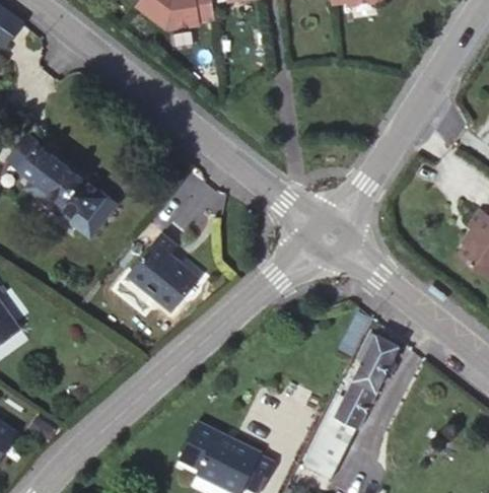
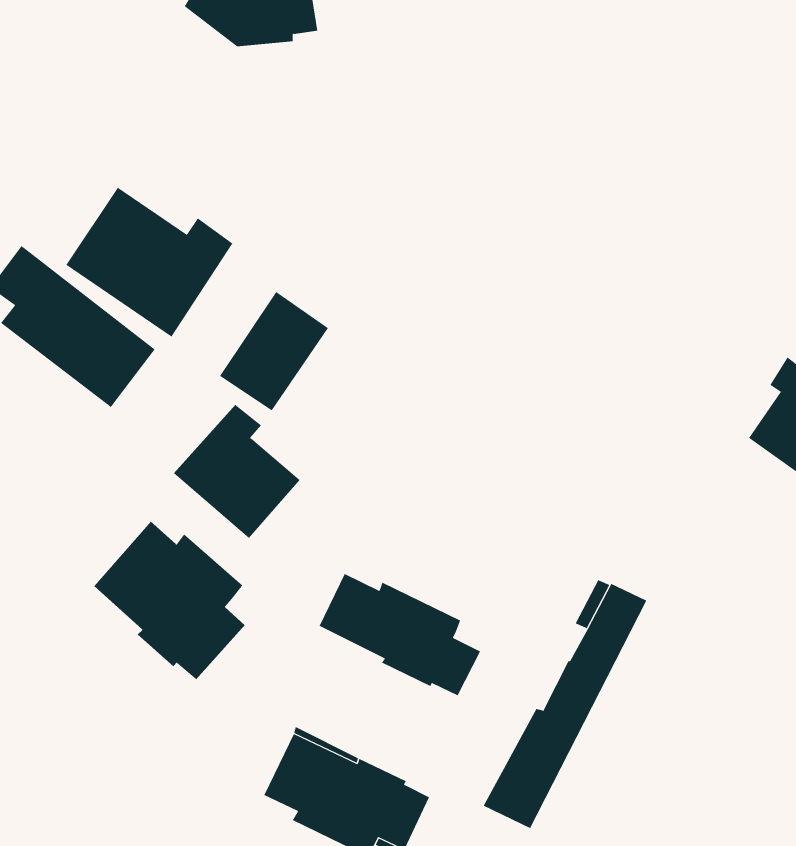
building: none -> [66,187,233,337]
building: none -> [93,521,246,680]
building: none -> [319,573,481,696]

